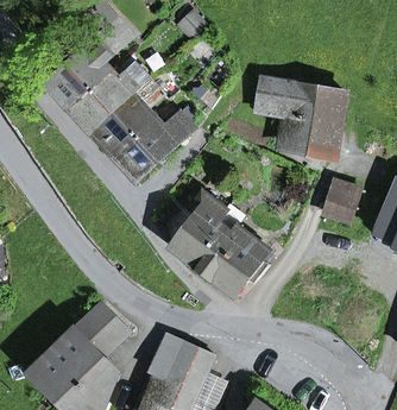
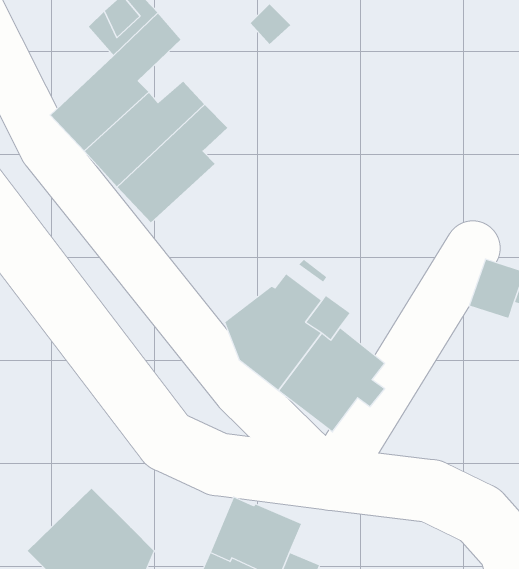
building: [254,78,341,156] -> none
building: [112,112,194,183] -> none
building: [73,307,125,359] -> none

